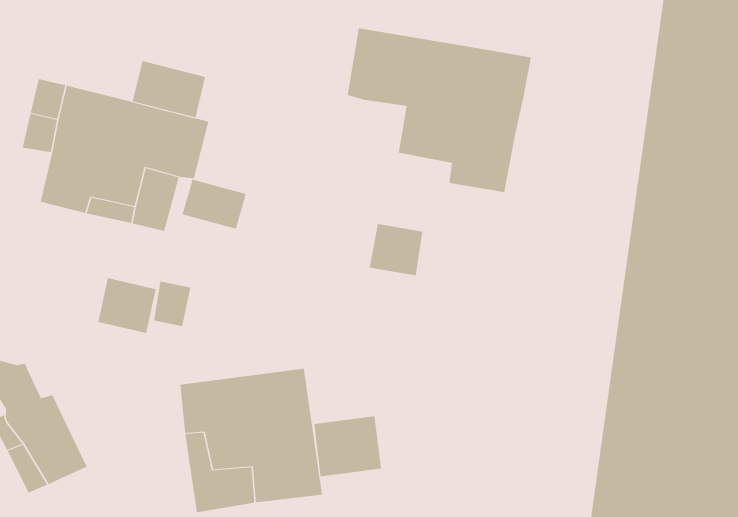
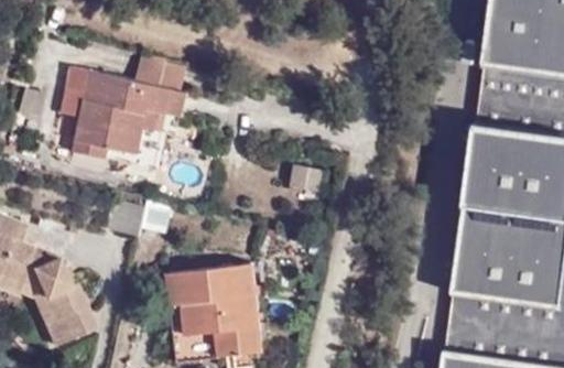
building: [347,27,531,193] -> none
building: [182,179,246,229] -> none
building: [314,415,381,477] -> none

